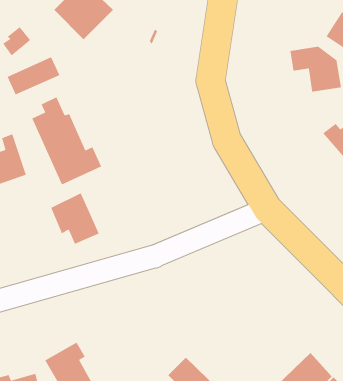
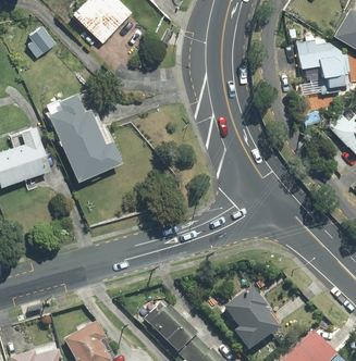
building: [6,56,60,96] -> none
building: [50,192,100,245] -> none
building: none -> [229,289,277,345]
building: none -> [146,301,196,351]

